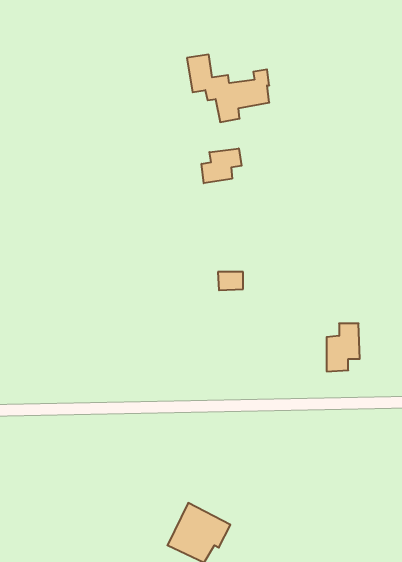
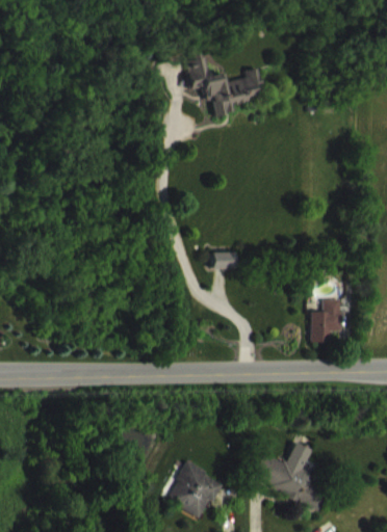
building: [202,148,242,183] -> none
building: none -> [247,442,326,510]

